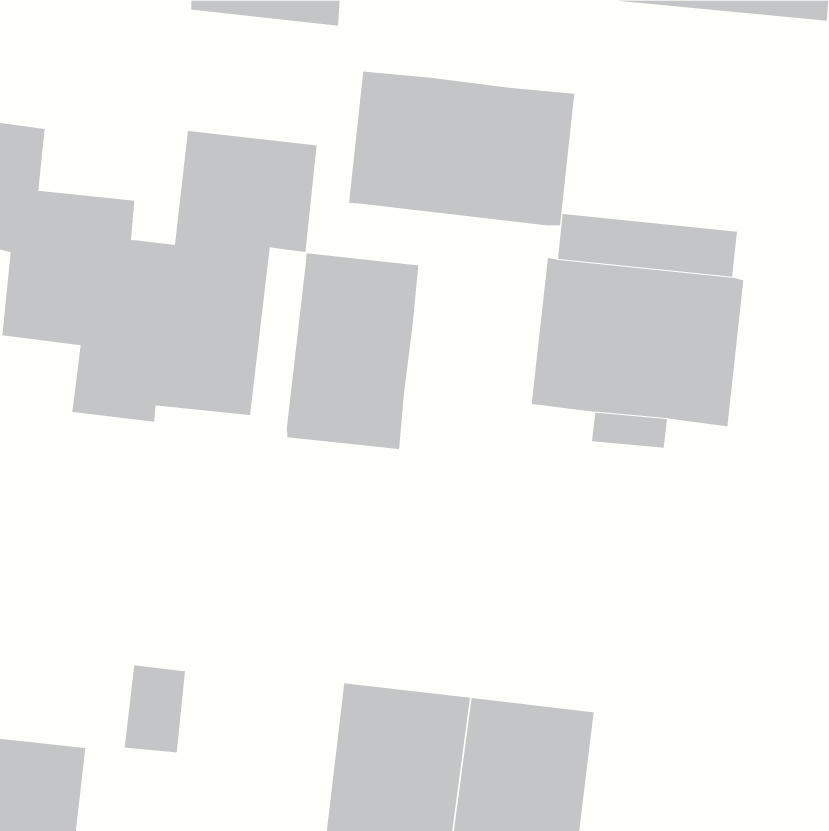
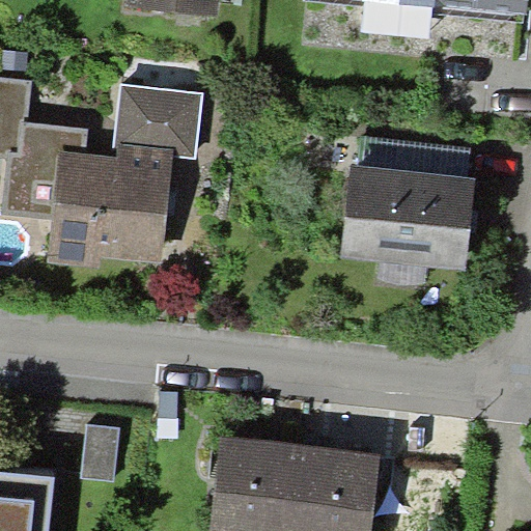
building: [349,71,575,226] -> none
building: [286,253,419,450] -> none

